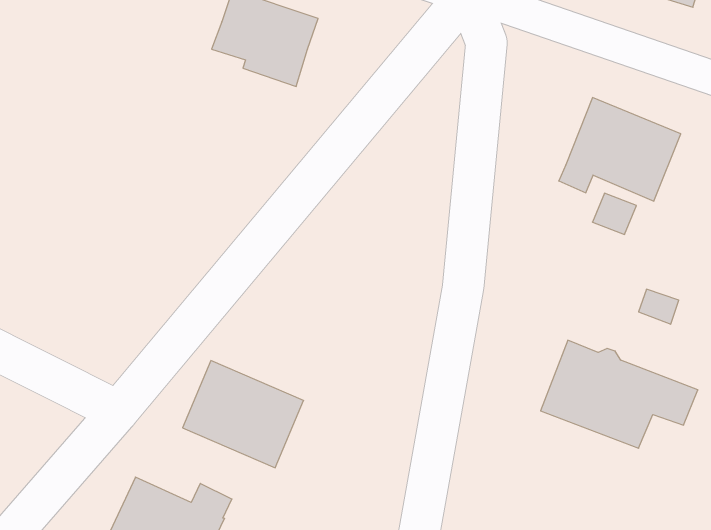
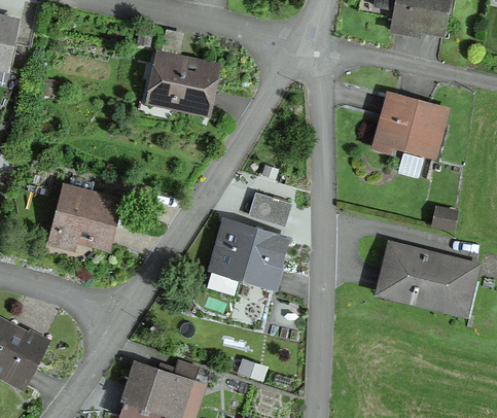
building: none -> [55,189,116,245]
building: none -> [255,196,298,230]
building: [183,361,304,468] -> [212,223,284,284]

